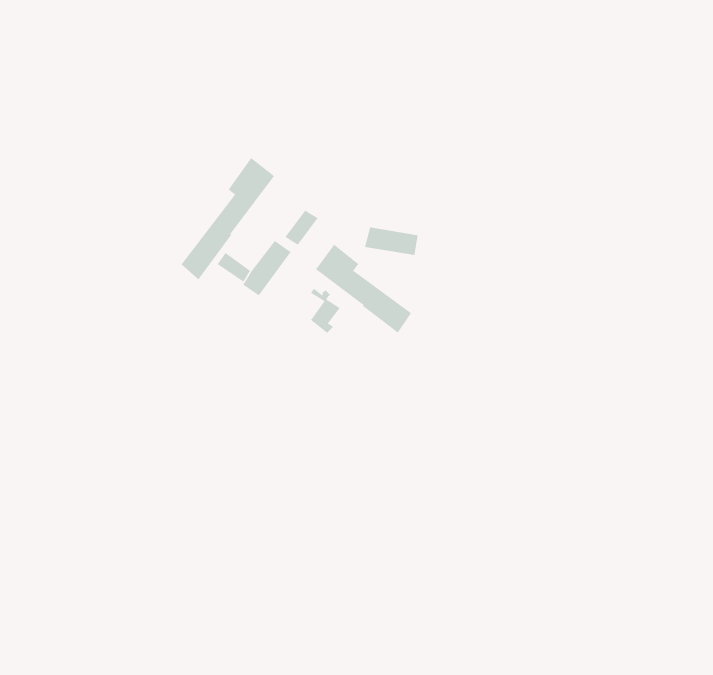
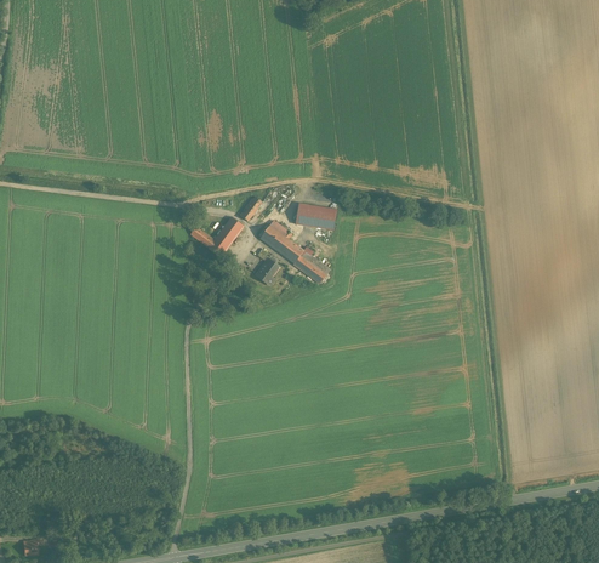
building: [181,157,275,280] -> none

